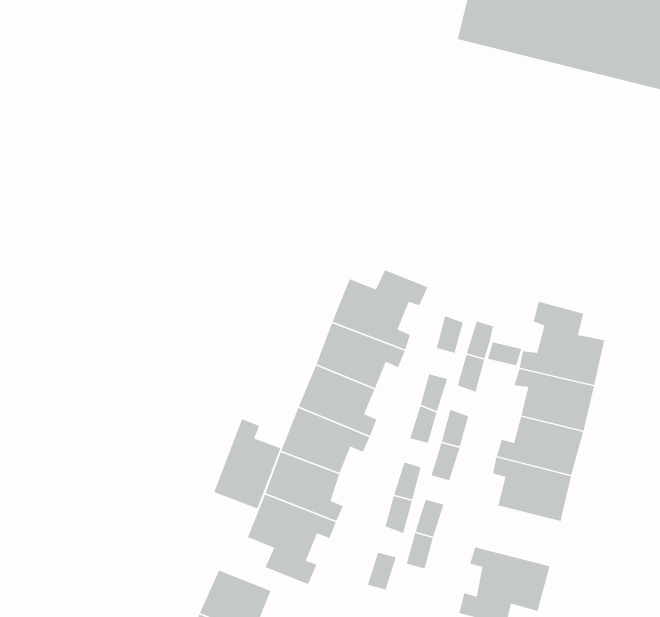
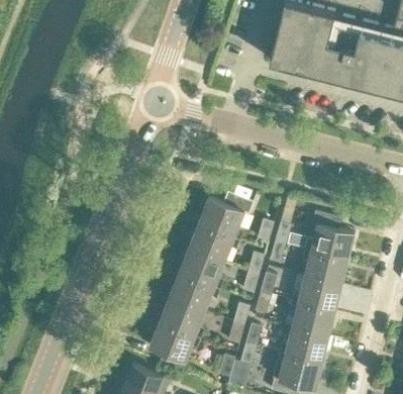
building: [213,418,281,509] -> none
building: none -> [280,328,329,363]

